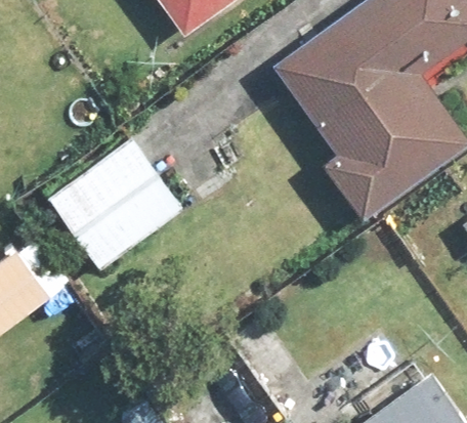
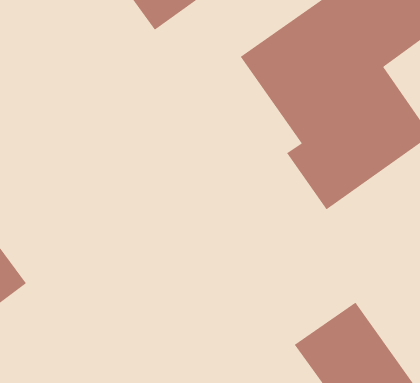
building: [47,138,183,271] -> none

